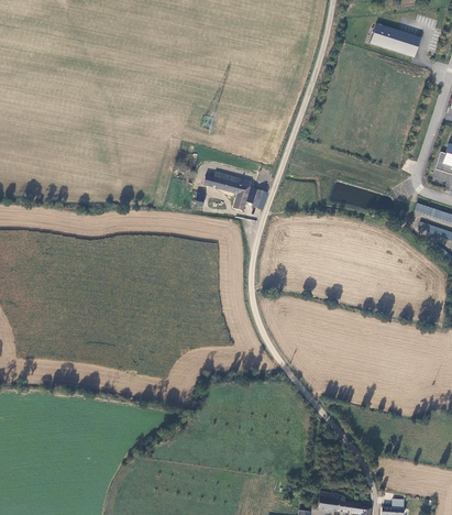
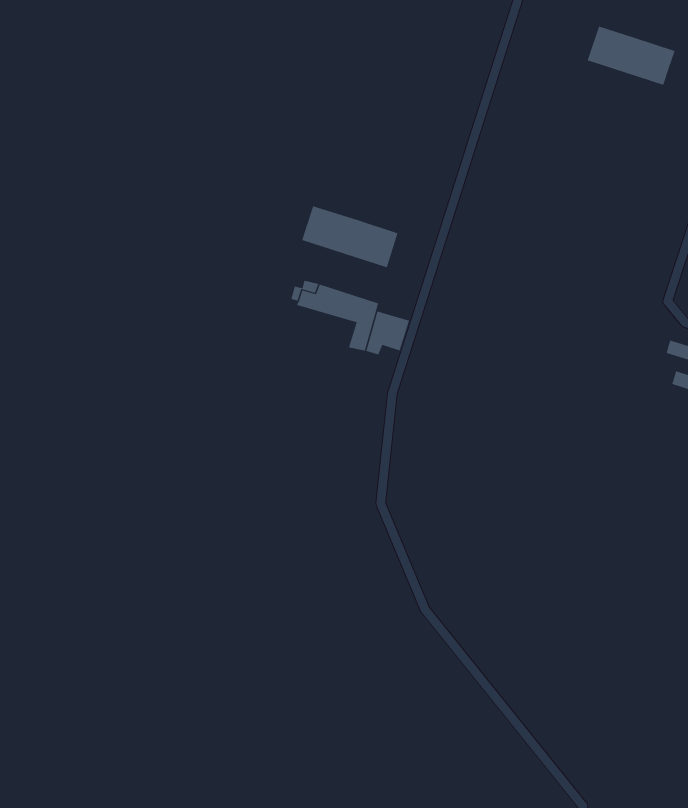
building: none -> [302,205,398,268]

